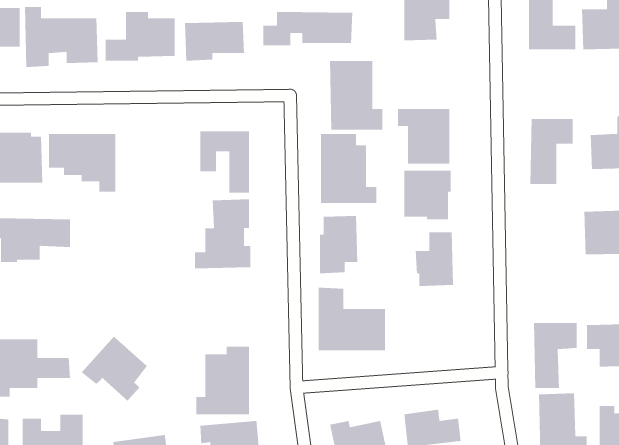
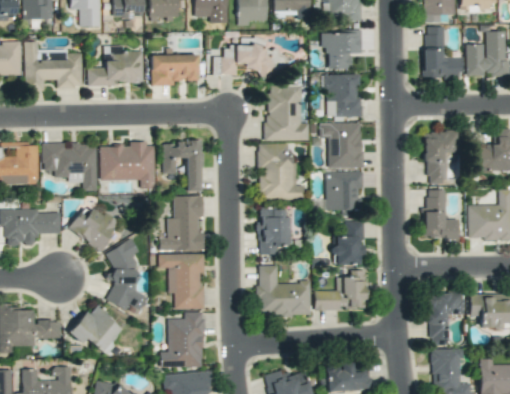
building: none -> [325,74,362,117]
building: none -> [99,143,156,188]
building: none -> [425,189,459,239]
building: none -> [68,203,118,251]
building: none -> [105,238,150,313]
building: none -> [159,253,205,309]
building: none -> [315,270,367,310]

